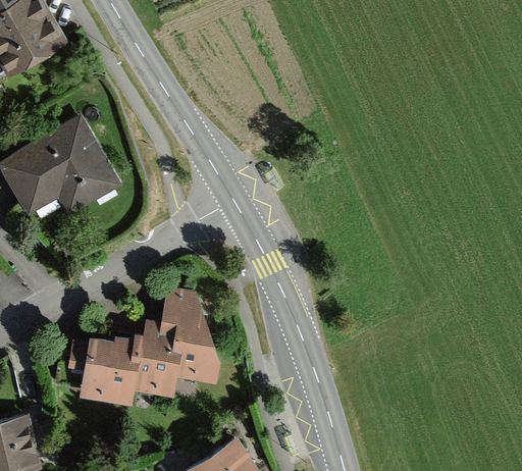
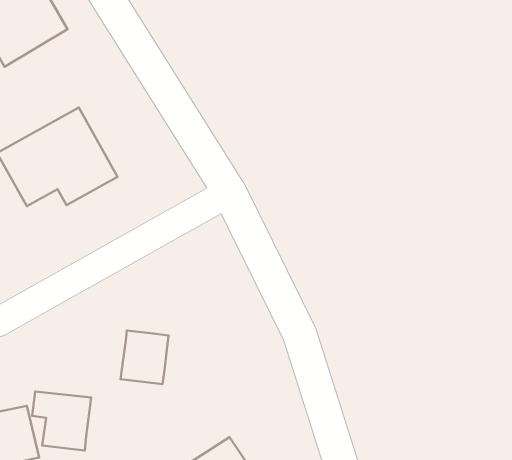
building: [156,293,213,385] -> none
building: [69,344,128,403] -> [32,391,91,450]

